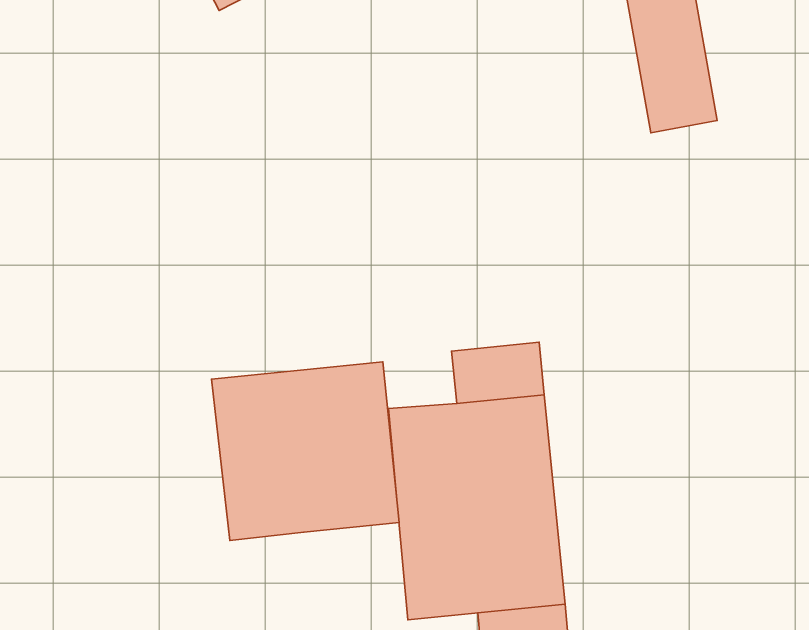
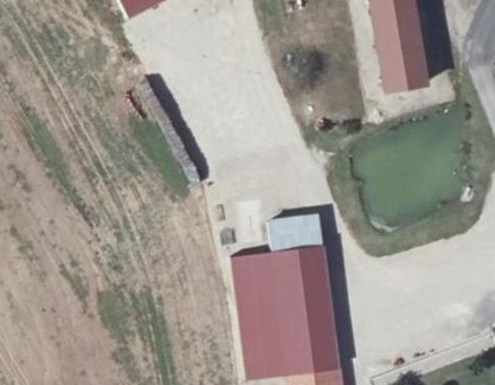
building: [212,362,399,541] -> none

